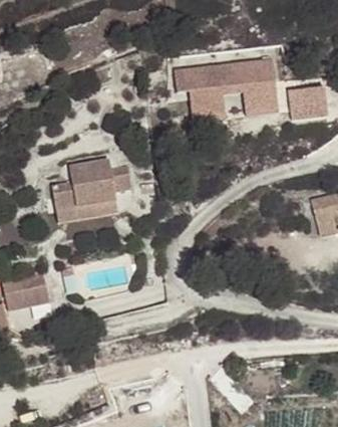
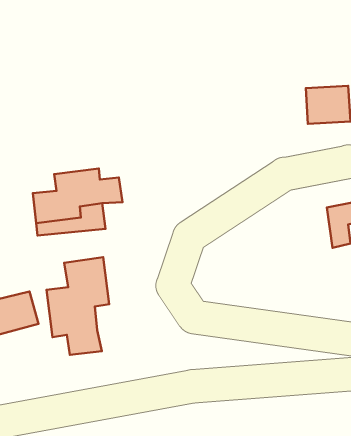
building: [184,57,275,117] -> none
building: none -> [46,257,109,355]

